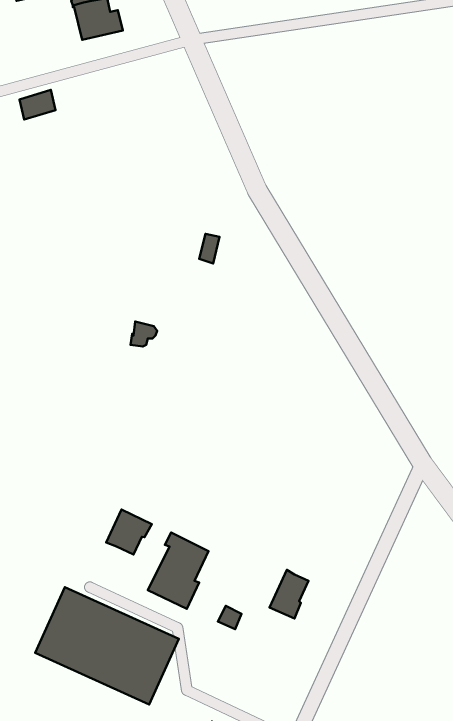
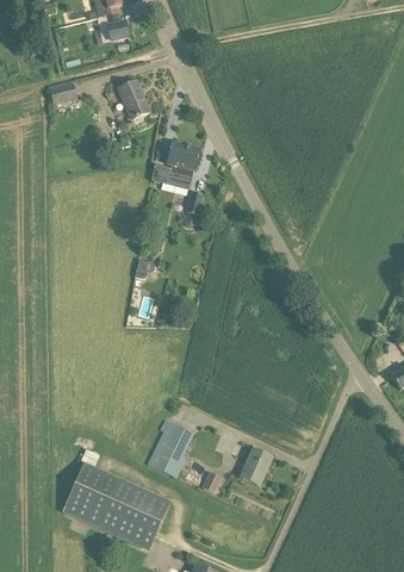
building: none -> [117,80,149,119]
building: none -> [150,142,199,185]
building: [106,510,152,555] -> none

